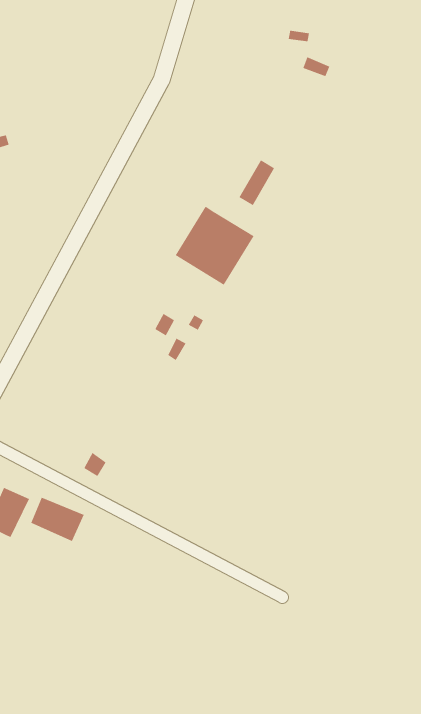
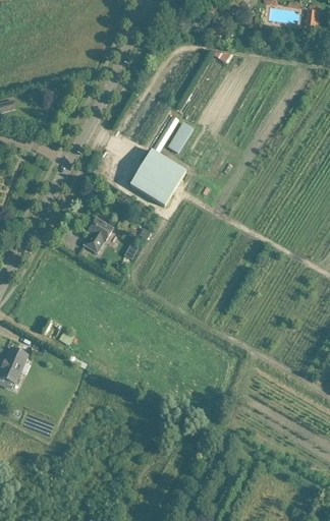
building: none -> [83,217,112,252]
building: [30,497,84,542] -> none

